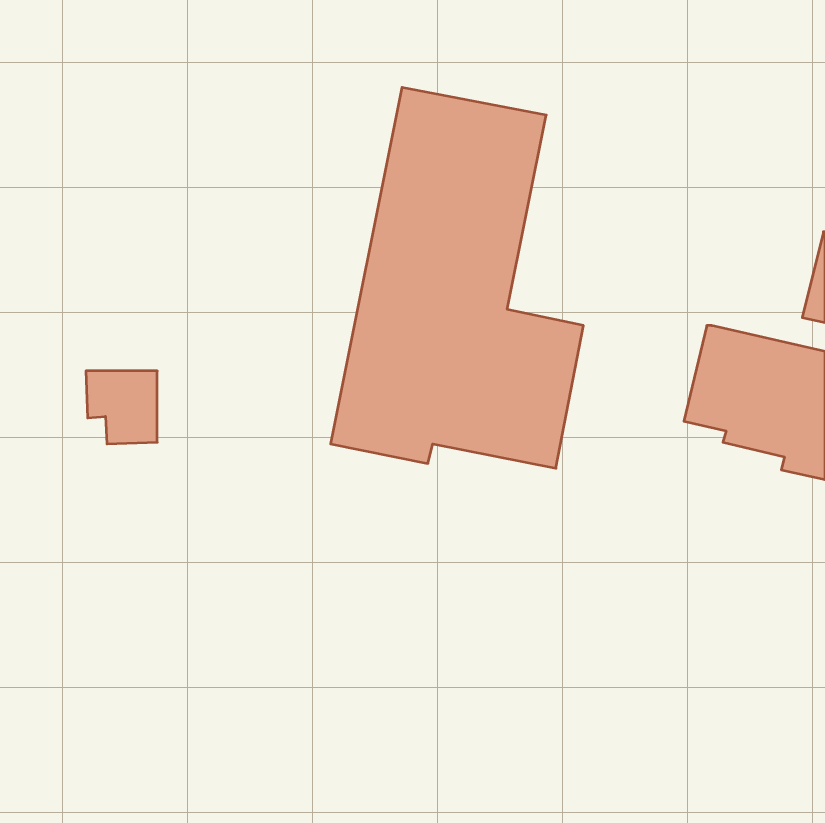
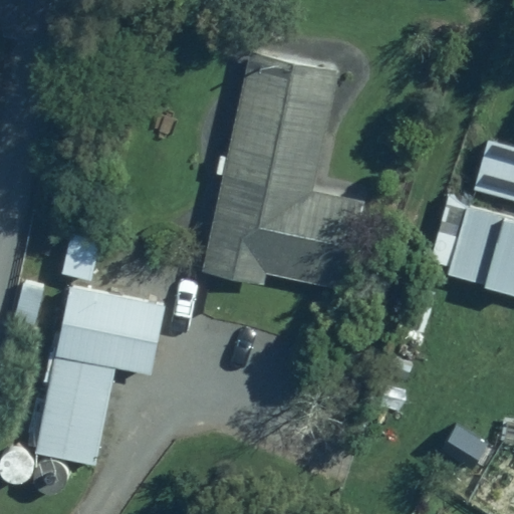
building: none -> [30,285,166,465]

